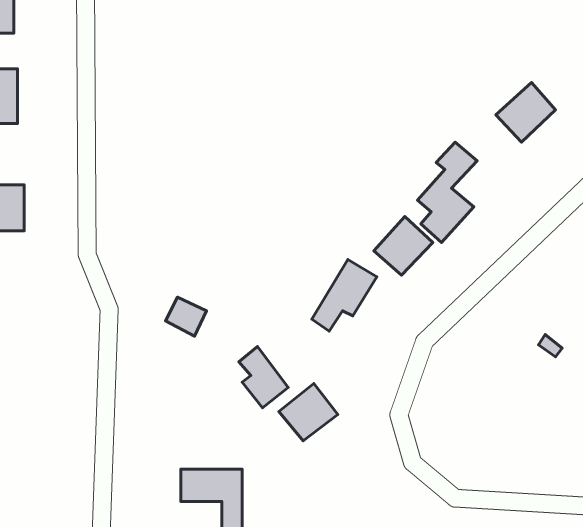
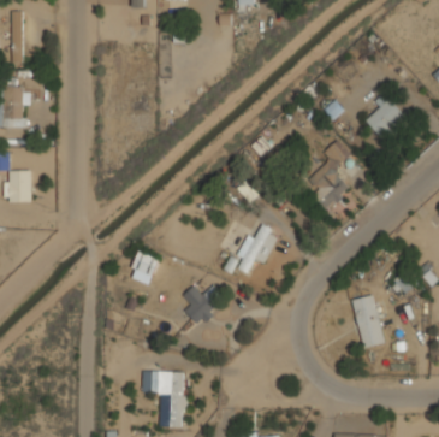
building: [374,216,433,275] -> none
building: none -> [352,294,386,348]
building: [279,383,338,441] -> none

